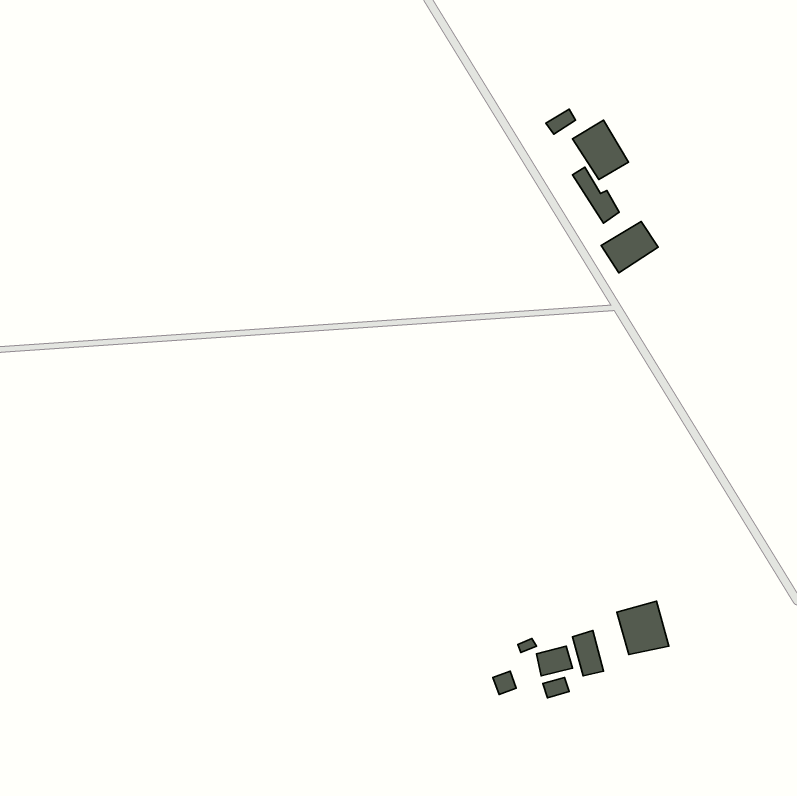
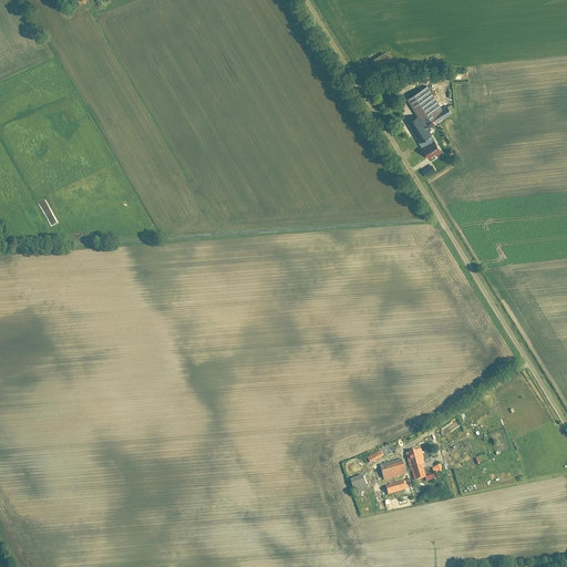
building: [601,222,658,273] -> none
building: [617,601,669,655] -> none

